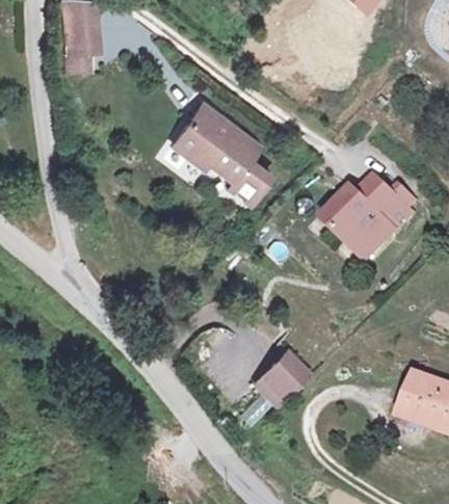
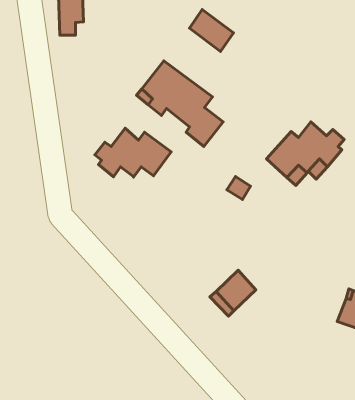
building: none -> [189,9,233,51]
building: none -> [95,128,171,177]

